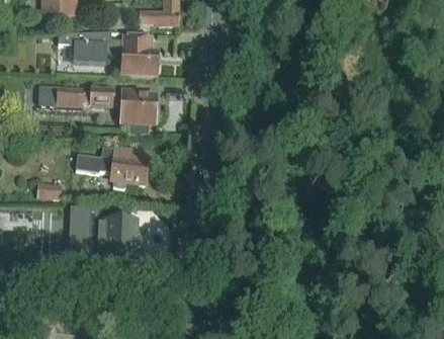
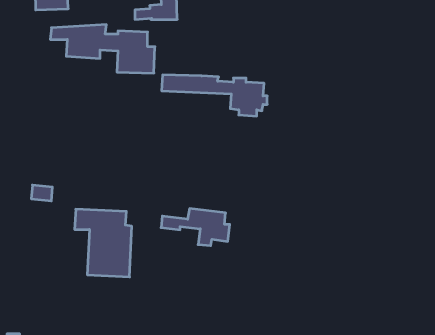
building: [56,90,157,130] -> [162,75,267,116]
building: [78,149,144,184] -> [161,209,230,246]

